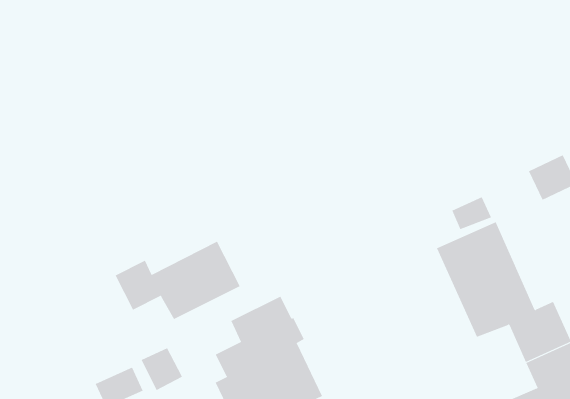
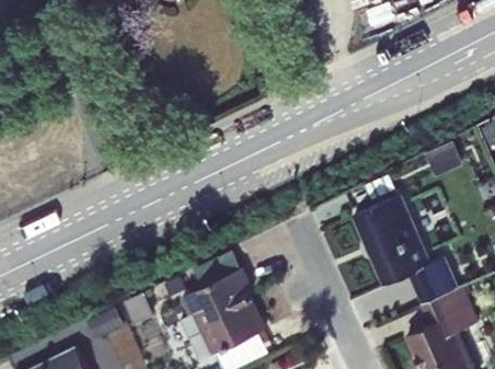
building: [115,241,241,320] -> none

